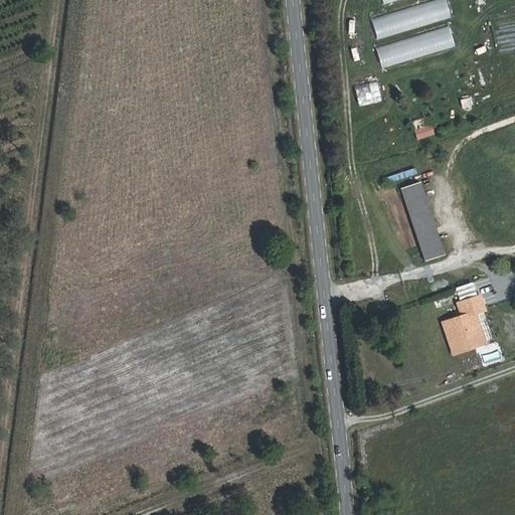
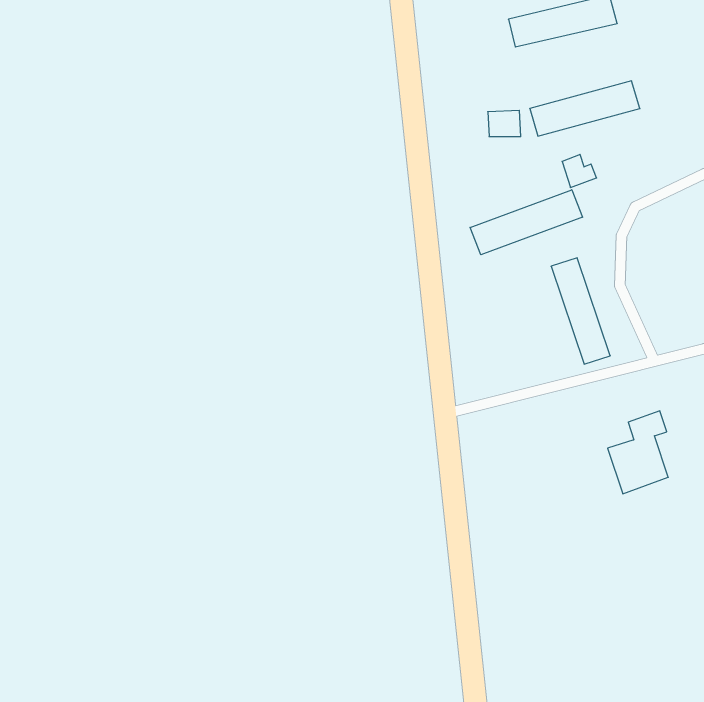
building: [375,24,456,64] -> [530,81,640,136]
building: none -> [470,190,583,255]

